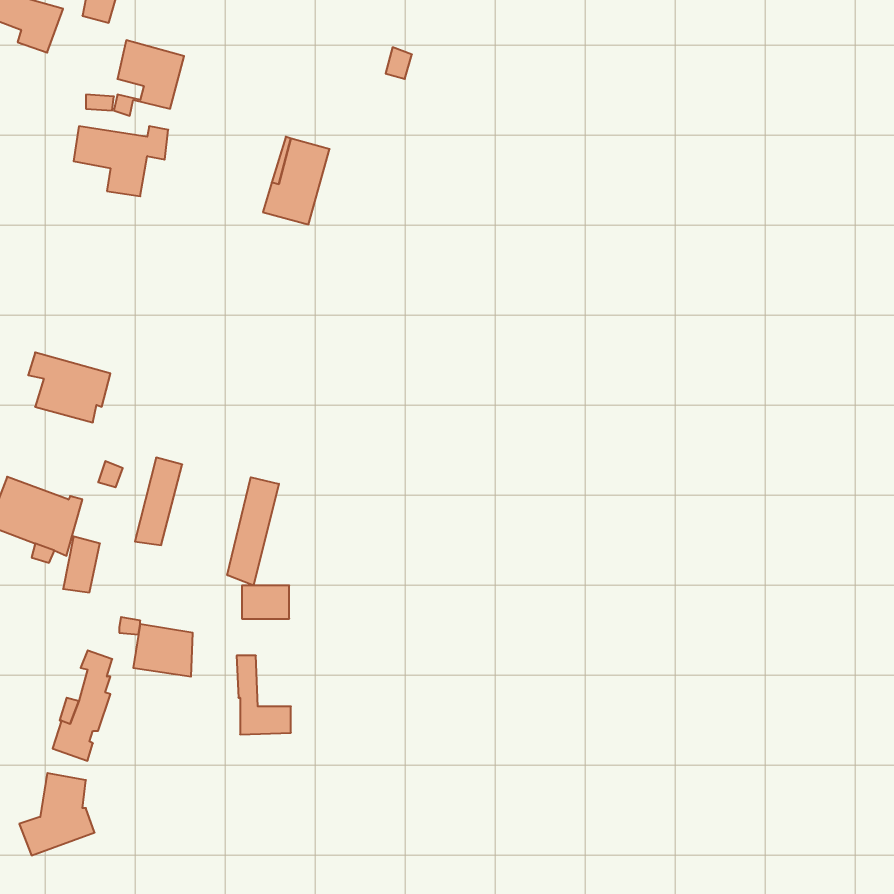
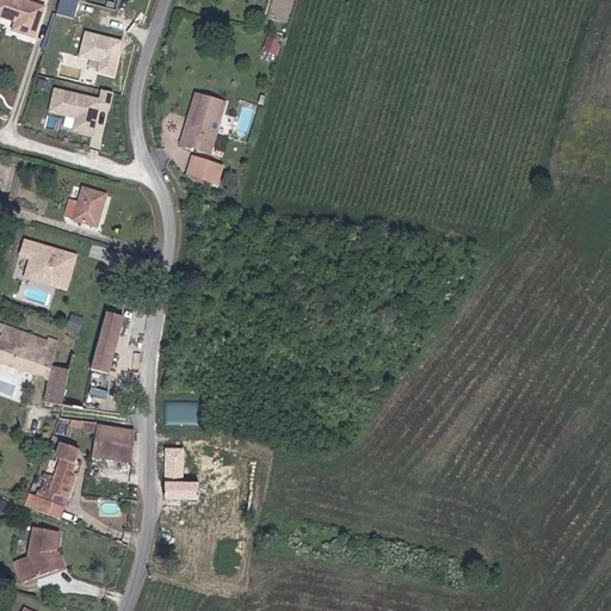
building: none -> [187,156,222,181]
building: none -> [64,189,104,226]
building: [227,477,279,585] -> none

